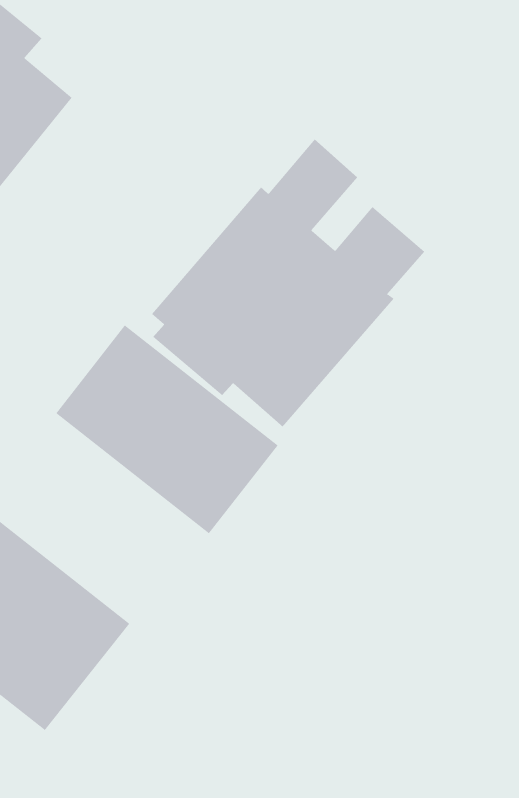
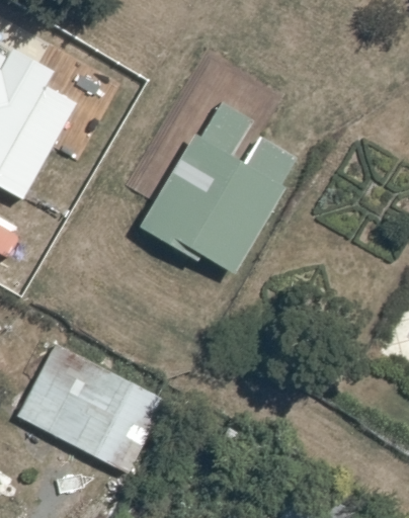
building: [55,324,278,534] -> none

